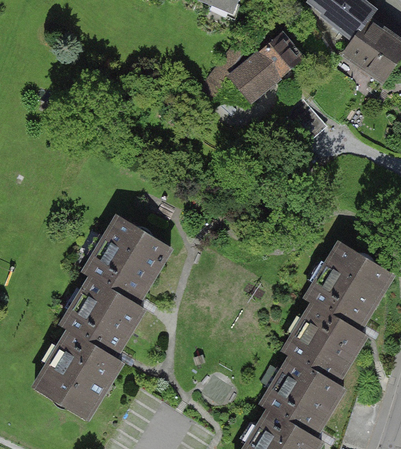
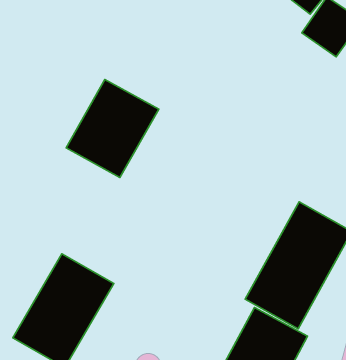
building: [228,39,297,106] -> none
building: [71,213,171,319] -> [66,79,159,178]

